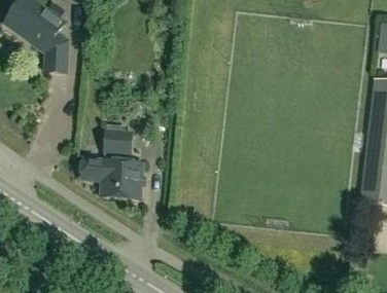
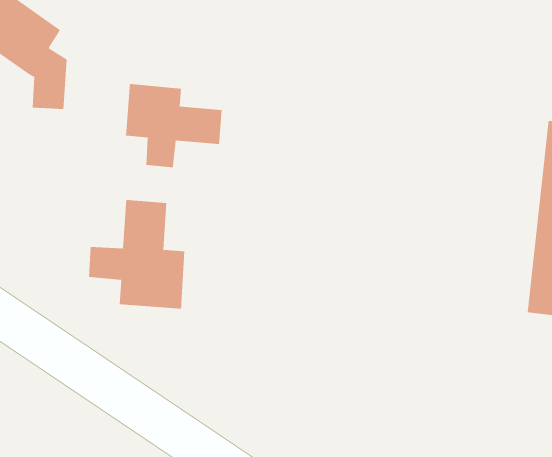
building: none -> [125,83,222,168]

